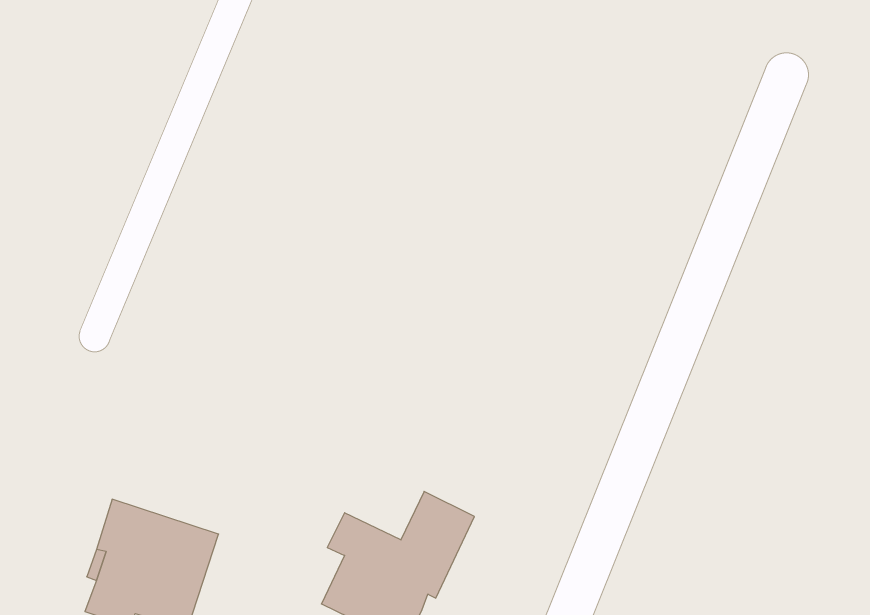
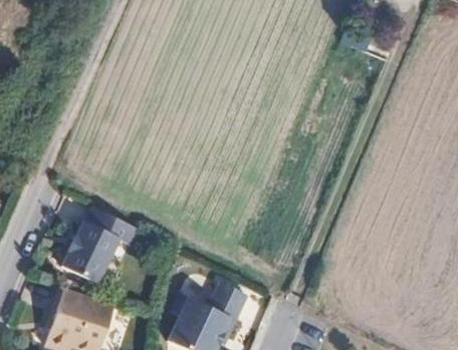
building: none -> [63,206,139,282]

